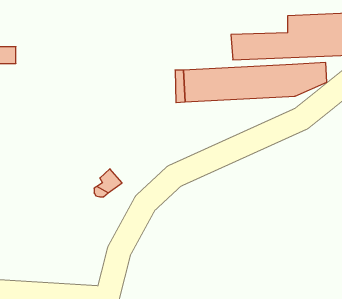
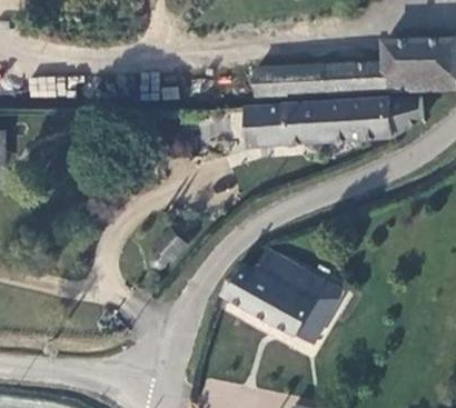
building: none -> [256,62,317,94]
building: none -> [221,251,340,346]

